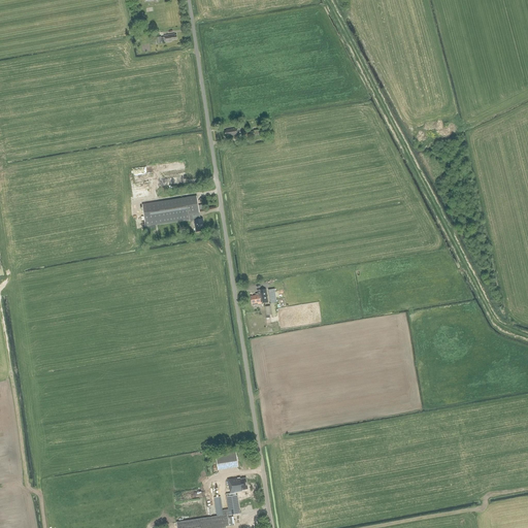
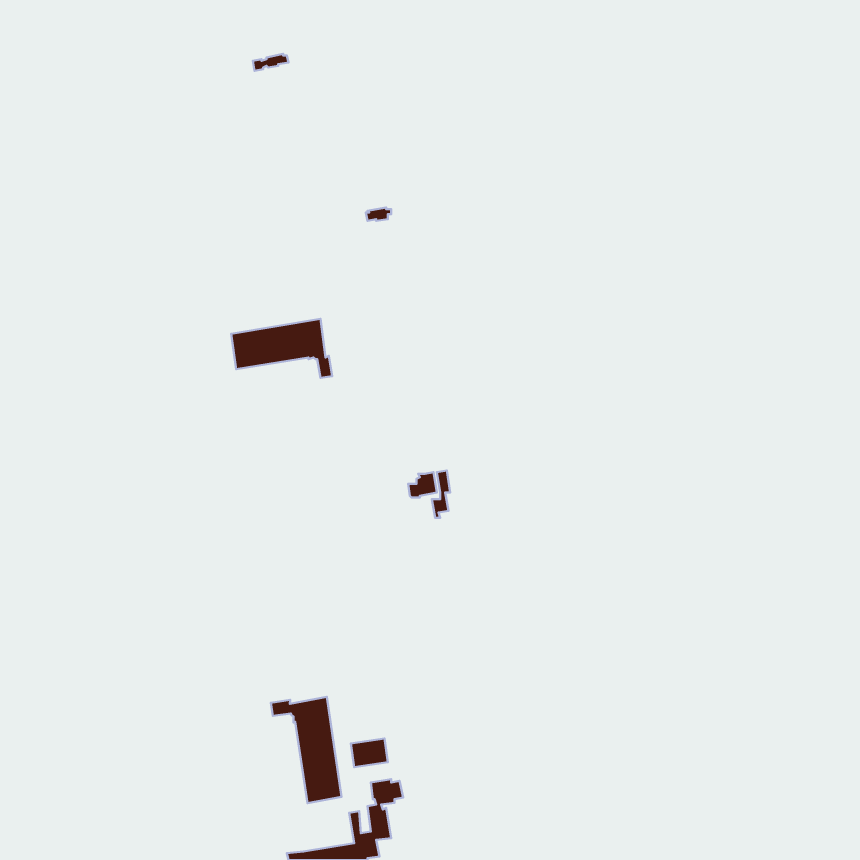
building: none -> [271,697,342,803]

